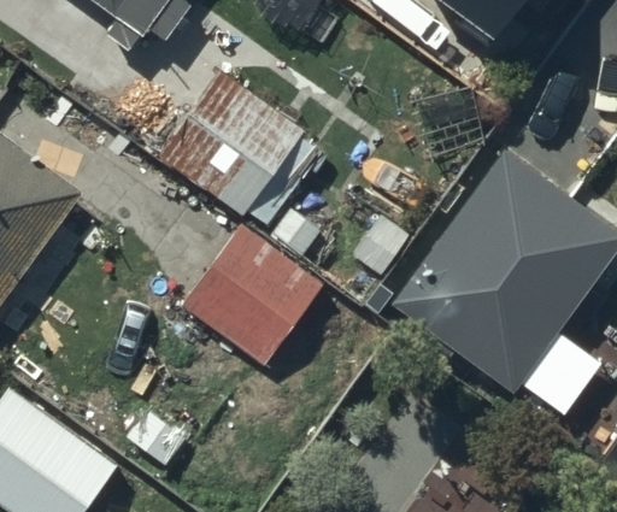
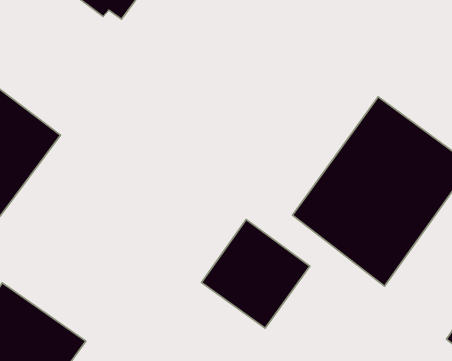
building: [157,67,327,229] -> none
building: [182,224,325,367] -> [201,220,310,328]

